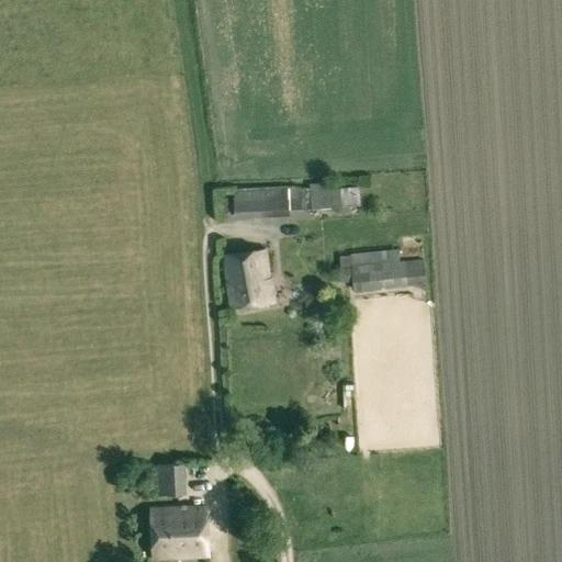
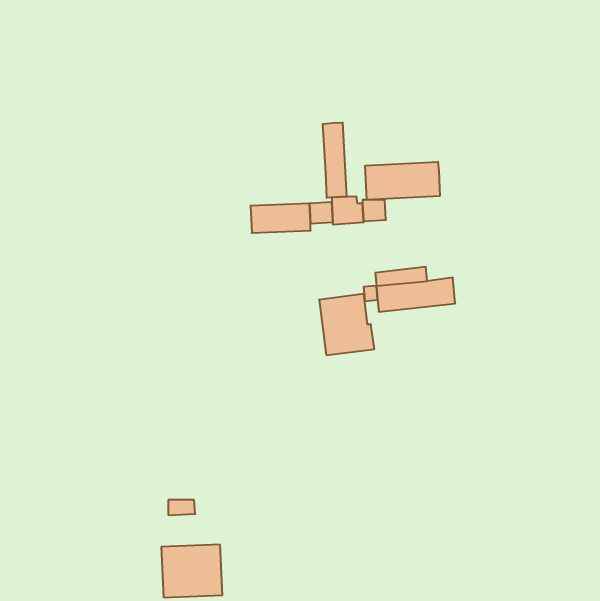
building: none -> [323,122,346,198]
building: none -> [365,162,440,200]
building: [223,250,274,307] -> [319,294,374,355]

